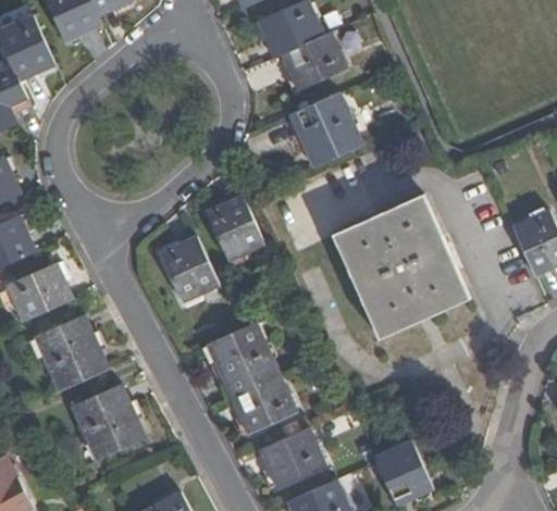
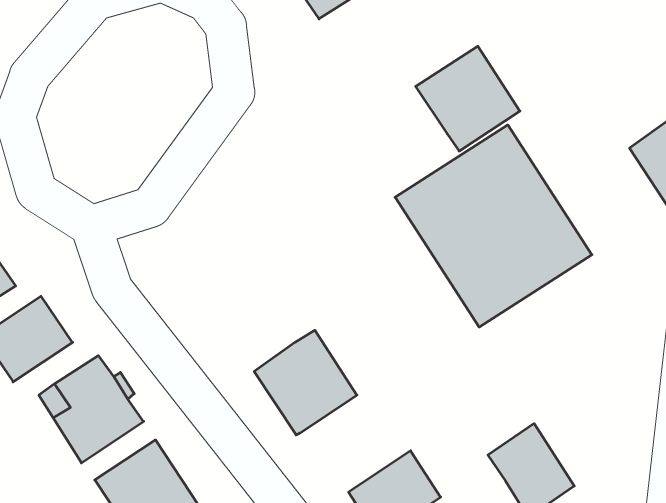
building: [289,91,363,166] -> [416,46,520,151]
building: [203,195,263,261] -> none
building: [157,234,218,300] -> none
building: [231,374,297,432] -> none

